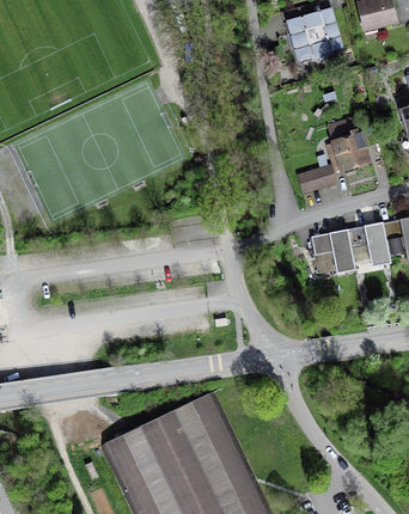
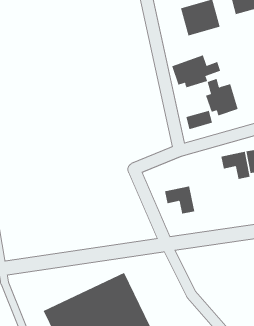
building: none -> [172,55,221,88]
building: [309,230,352,269] -> [164,186,195,214]

